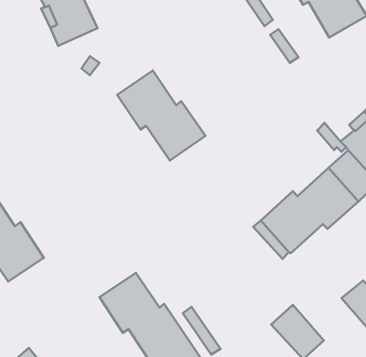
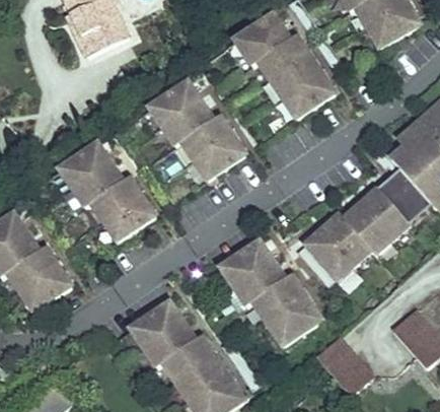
building: none -> [235,14,335,118]
building: none -> [59,143,155,242]
building: none -> [220,239,321,345]

